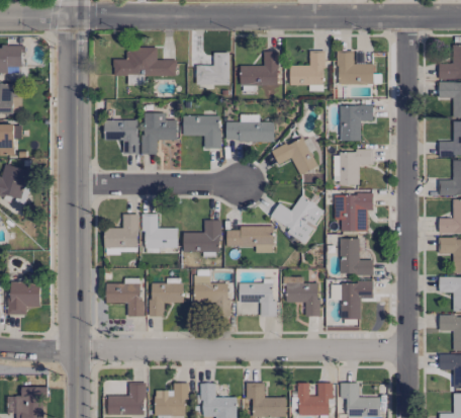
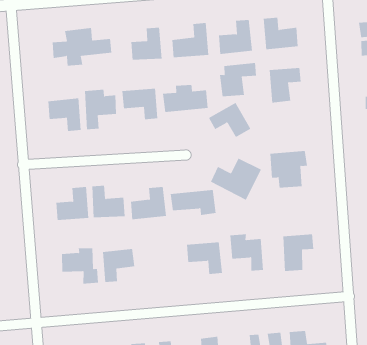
building: [335,150,374,183] -> [219,63,257,97]
building: [340,238,374,274] -> none
building: [194,275,231,316] -> none

